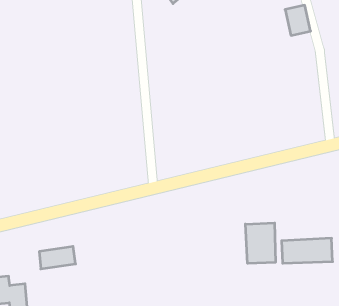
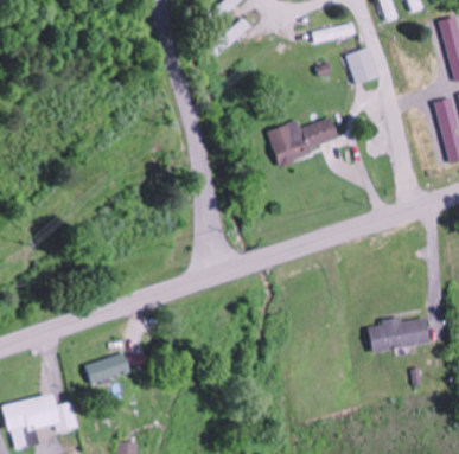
building: none -> [268,117,340,162]
building: [245,223,275,263] -> none

